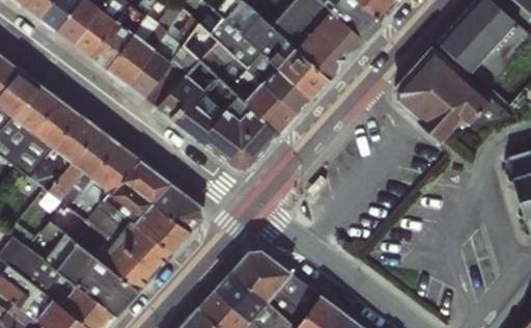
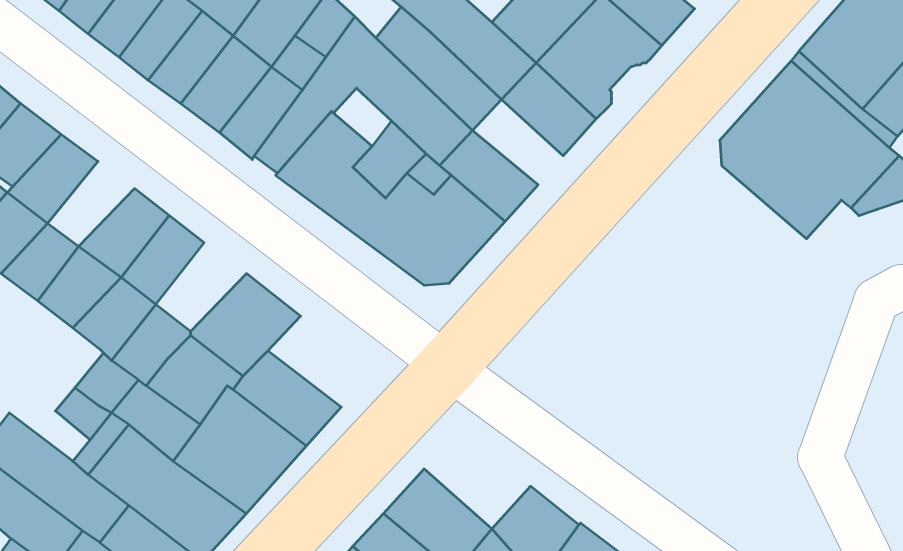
building: [262,67,311,113] -> none
building: [34,101,81,146] -> none
building: [92,144,141,192] -> none
building: [152,184,203,233] -> none
building: [236,250,294,298] -> none

